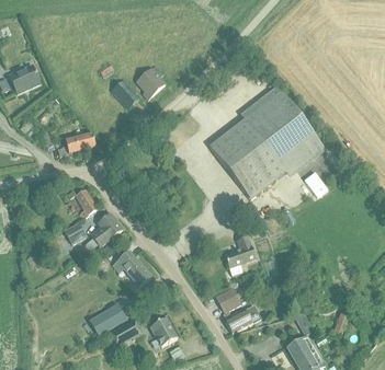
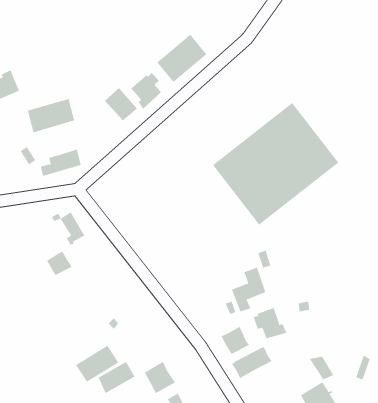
building: none -> [157,34,207,83]
building: none -> [27,98,75,133]
building: [90,212,122,245] -> none
building: [111,248,148,284] -> none
building: none -> [253,307,287,339]

